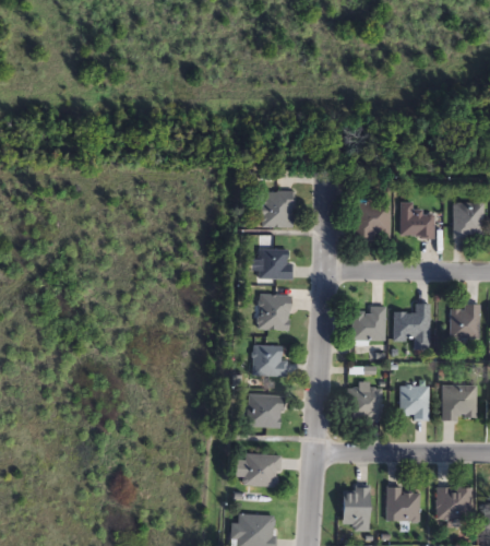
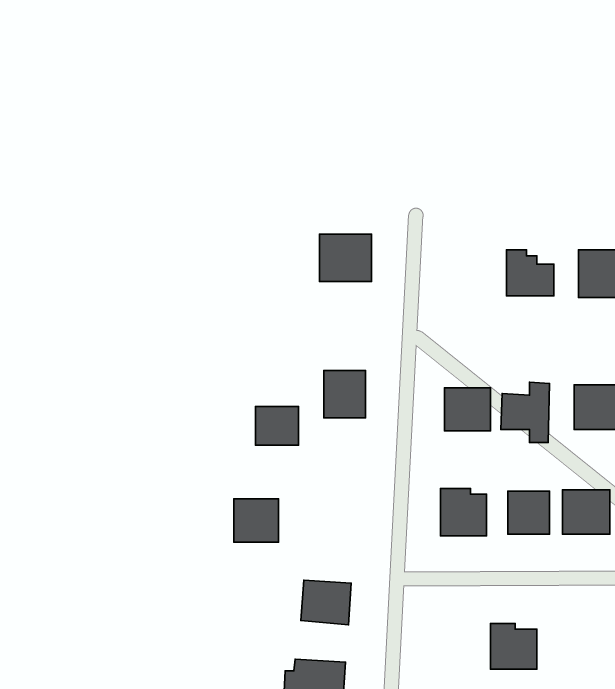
building: [355,200,392,237] -> none
building: [259,248,292,277] -> none
building: [254,345,287,375] -> [255,407,299,445]
building: [248,394,282,427] -> [234,499,278,542]
building: [437,486,470,518] -> none
building: [339,488,372,525] -> none

